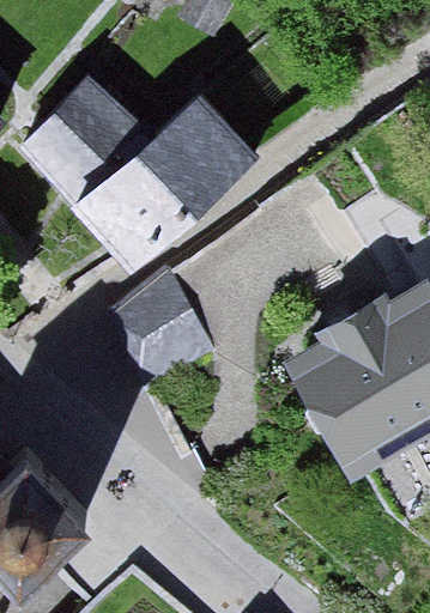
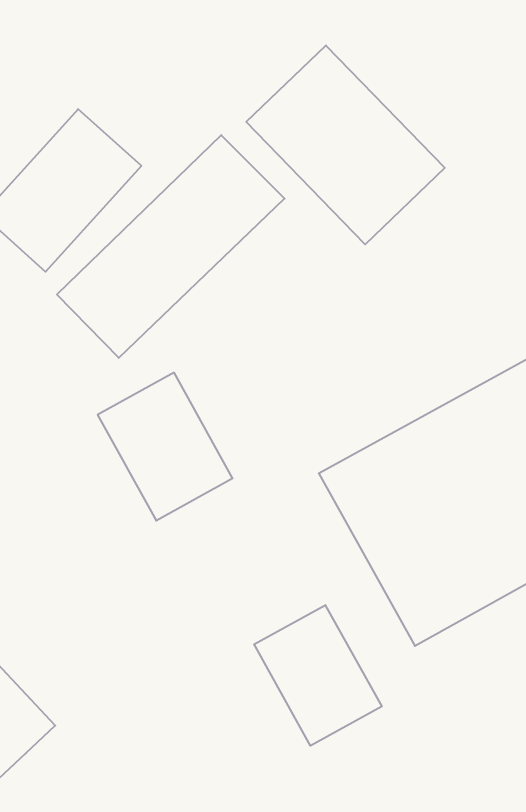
building: none -> [246,45,445,244]
building: none -> [254,605,382,746]

